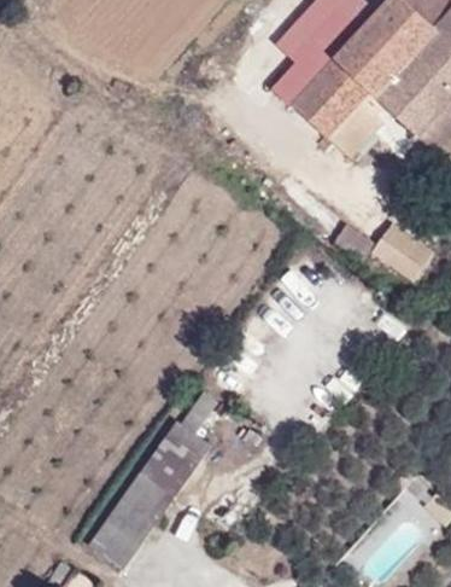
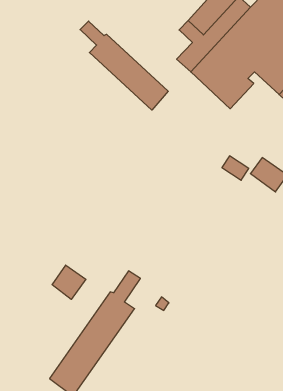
building: none -> [80,21,168,110]
building: none -> [52,265,86,299]

